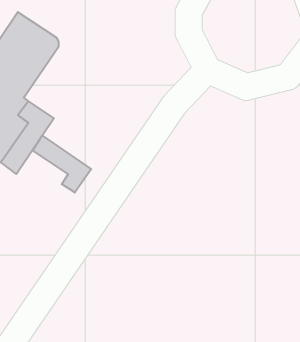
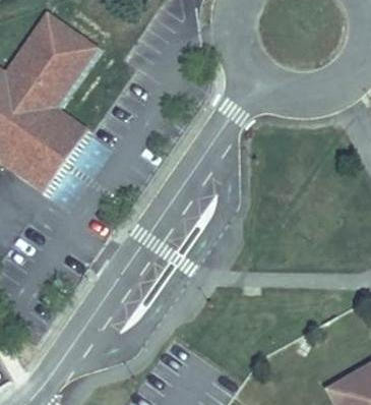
building: [33,136,91,193] -> none

